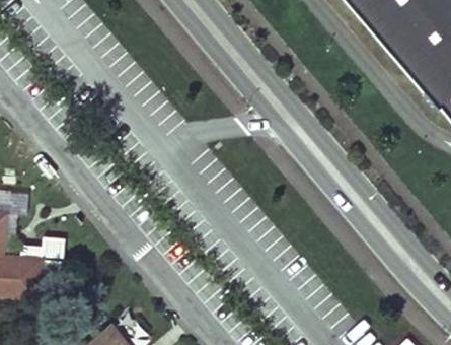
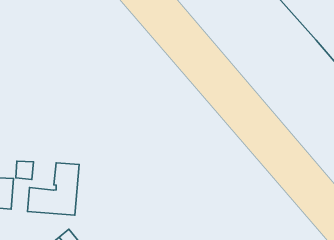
building: none -> [28,163,79,215]

